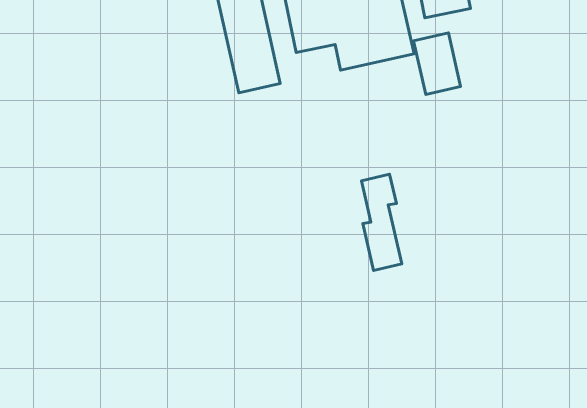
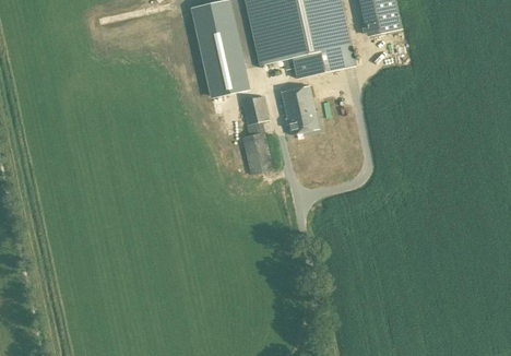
building: [414,33,461,94] -> [281,84,319,134]
building: [362,174,402,271] -> [240,95,273,174]

